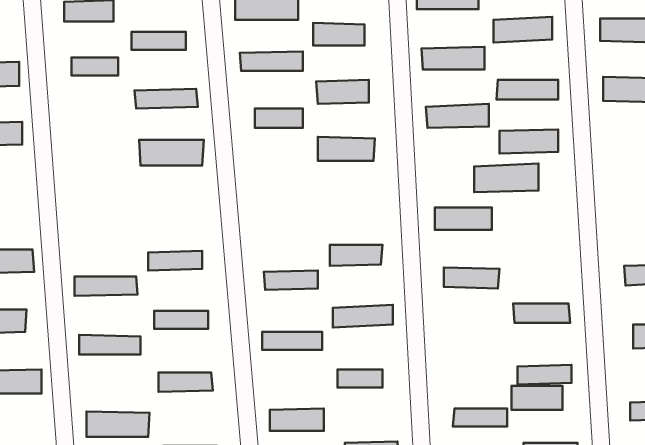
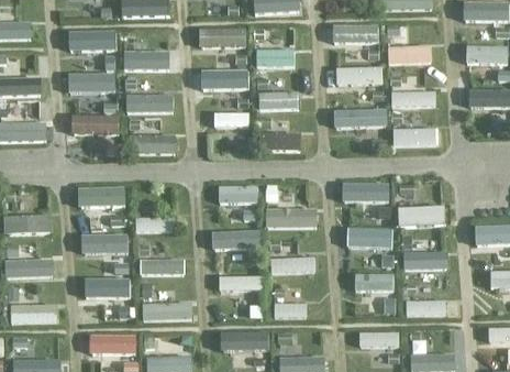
building: none -> [71,116,119,134]
building: [474,164,539,192] -> [398,206,445,227]
building: none -> [219,186,257,204]
building: none -> [78,187,125,207]
building: [511,386,562,410] -> [355,273,392,291]

